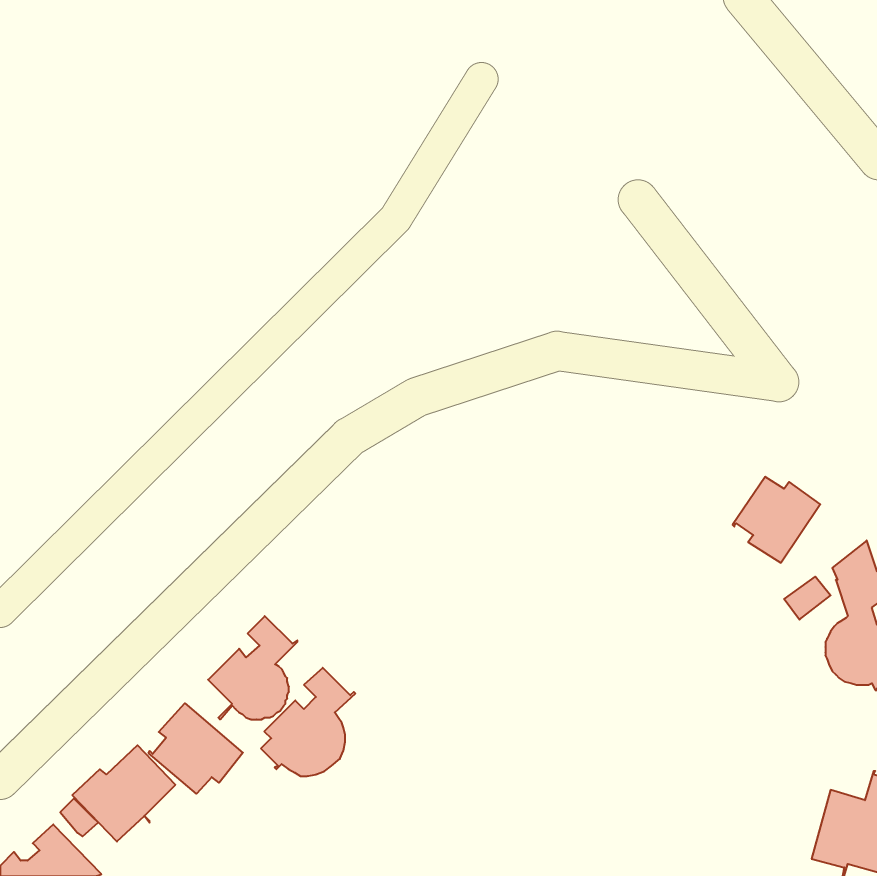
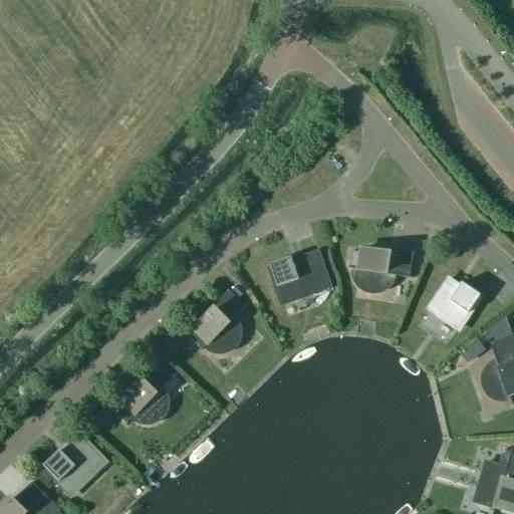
building: none -> [349,248,414,291]
building: none -> [269,250,331,304]
building: [261,668,355,776] -> [193,289,248,352]
building: [149,703,243,794] -> none

